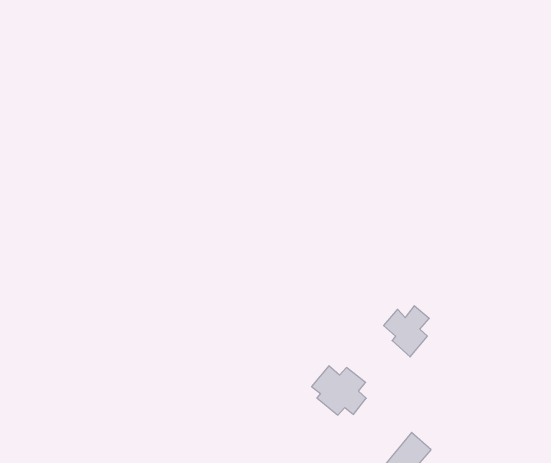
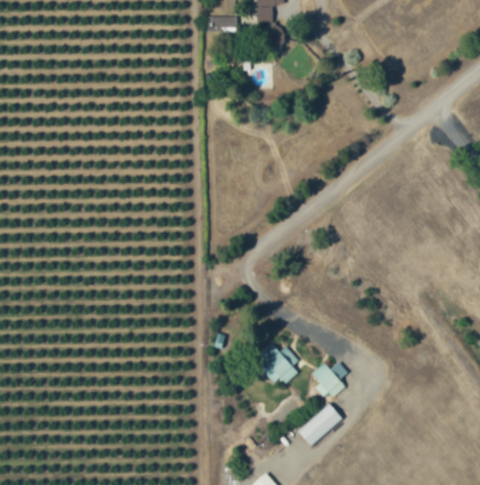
building: [384,306,429,357] -> [311,360,347,399]

